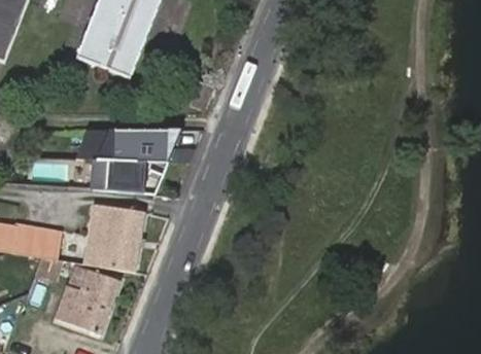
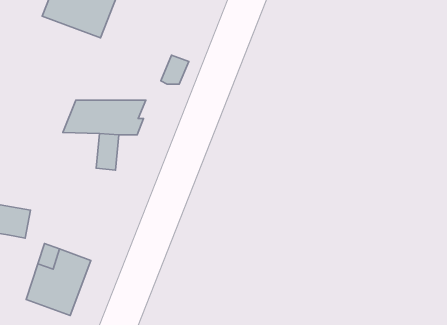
building: [89,162,129,196] -> none
building: [88,206,145,274] -> none

